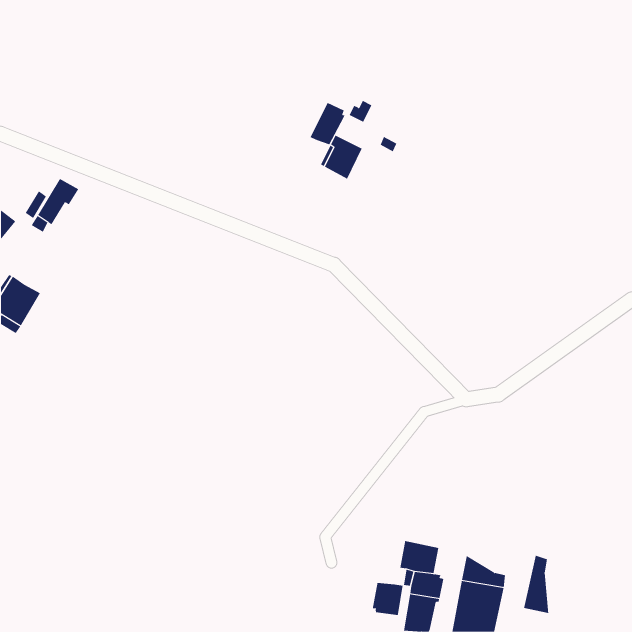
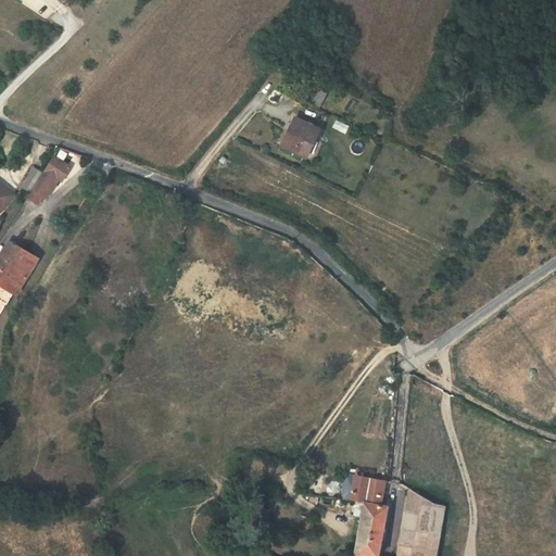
building: [310,102,346,145] -> none
building: [524,555,549,614] -> none
building: [372,582,403,616] -> none

